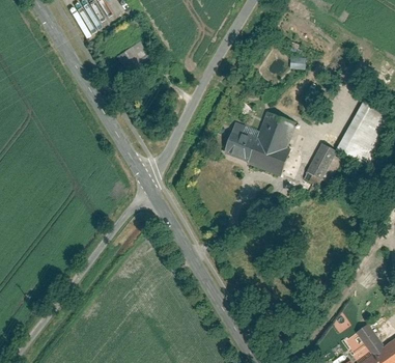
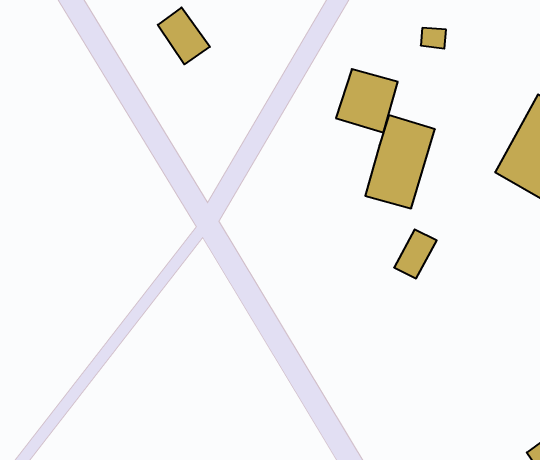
building: [220,122,260,164] -> [336,69,398,132]
building: [307,142,335,174] -> [394,229,437,278]

